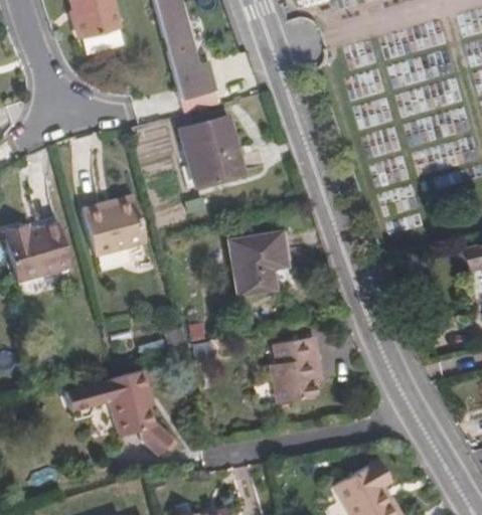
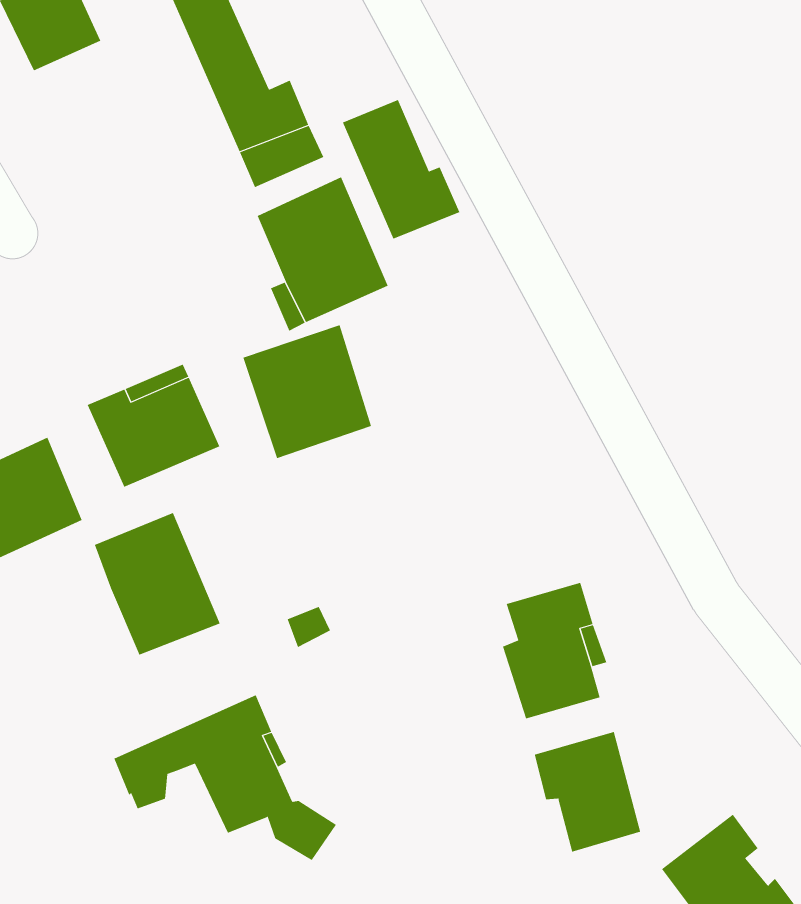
building: none -> [342,99,460,240]
building: [231,233,291,296] -> [243,324,372,459]
building: none -> [94,512,221,656]
building: none -> [534,731,641,853]

